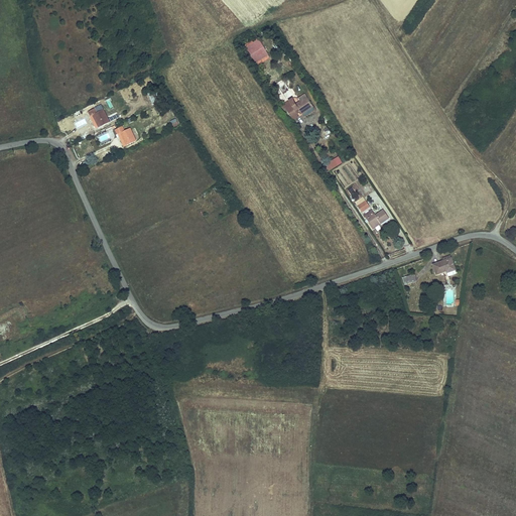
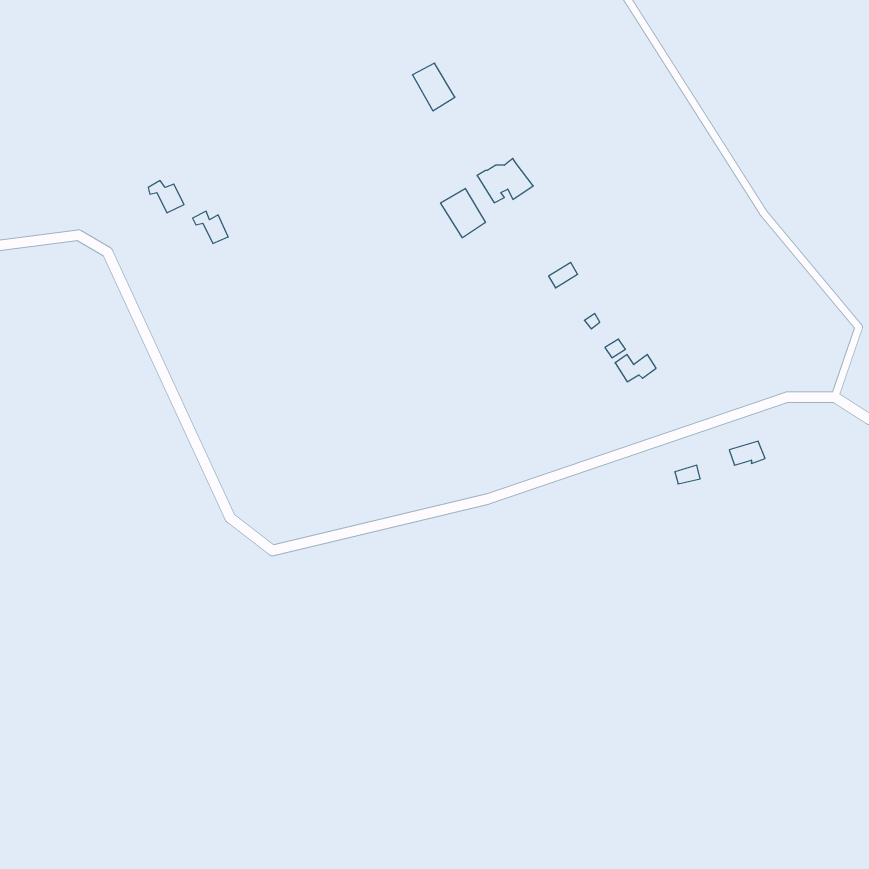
building: none -> [441,188,485,238]

